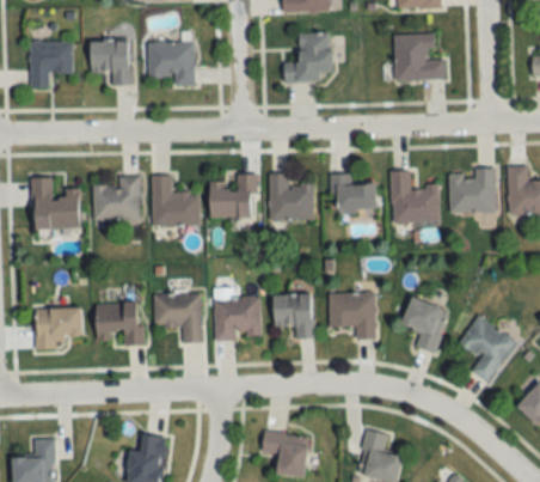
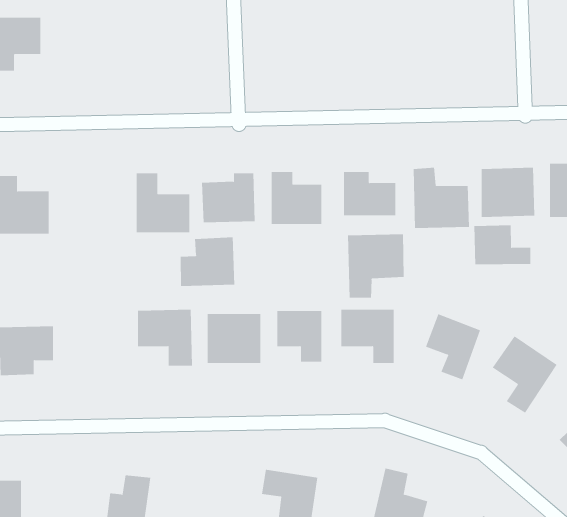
building: [283,32,332,84] -> none
building: [393,33,444,81] -> none
building: [91,42,130,86] -> none
building: [147,42,195,87] -> none
building: [93,177,140,221] -> none
building: none -> [474,224,531,265]
building: none -> [348,233,404,299]
building: none -> [180,236,235,287]
building: [96,303,145,344] -> none

